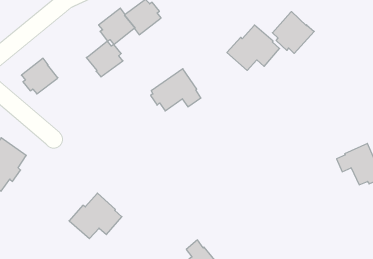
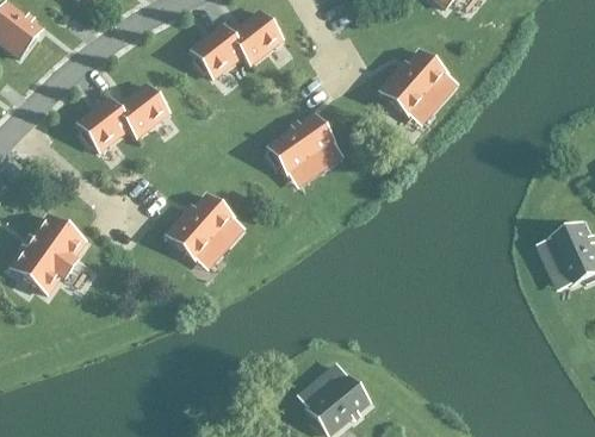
building: [272,12,314,53] -> none
building: [86,41,123,77] -> [114,83,168,136]
building: [69,193,122,239] -> [165,193,242,260]

